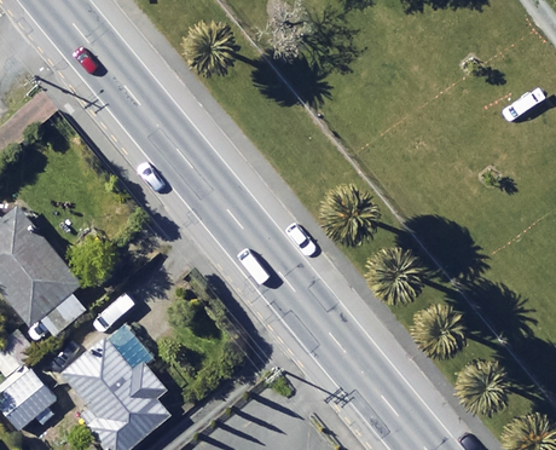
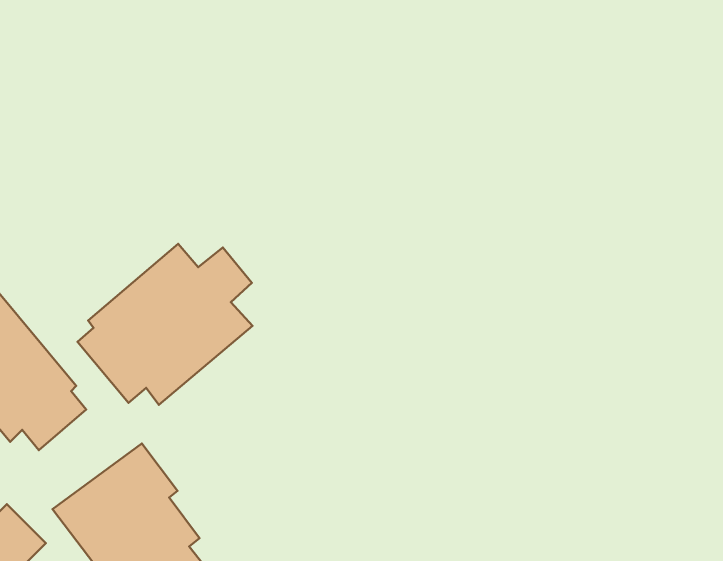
building: none -> [78,244,252,405]

